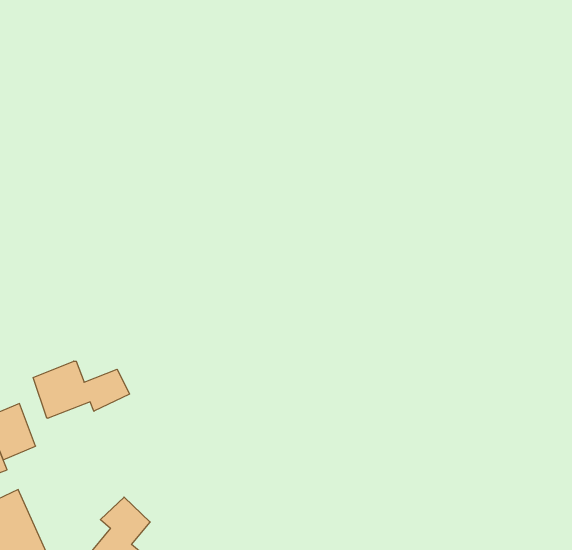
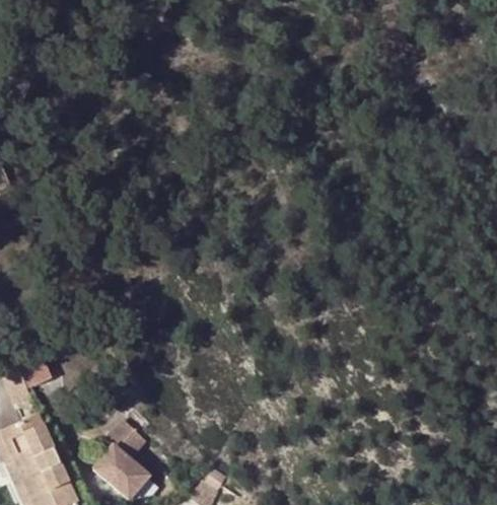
building: [33,361,129,418] -> none

